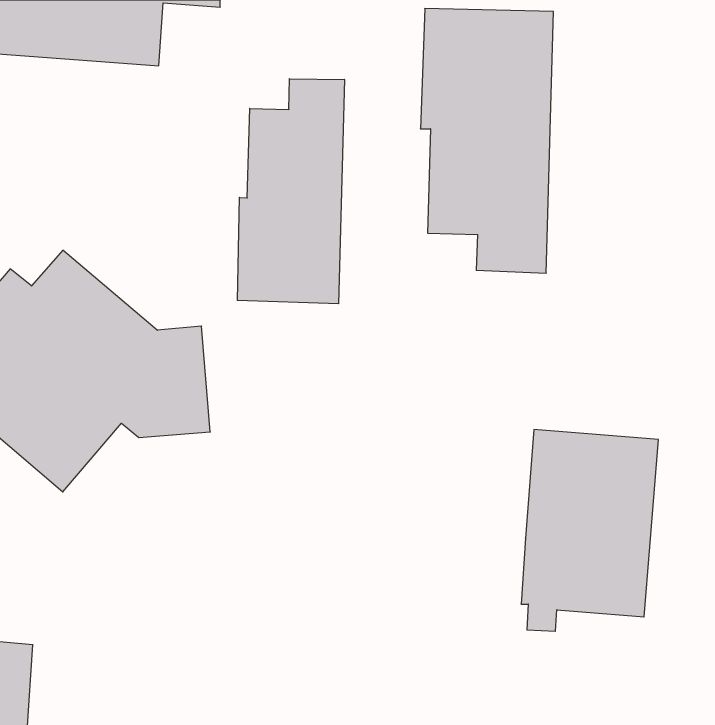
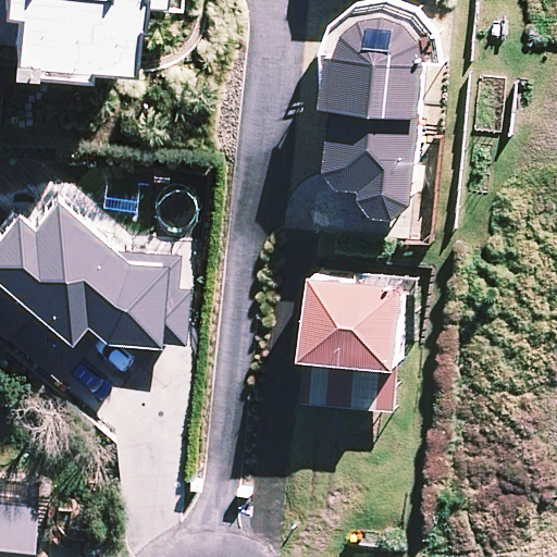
building: [237,79,344,304] -> none
building: [521,430,658,631] -> [298,271,403,424]

